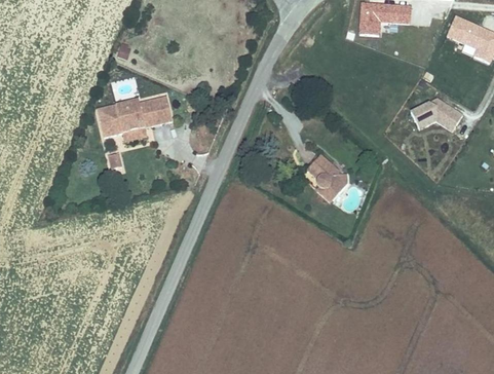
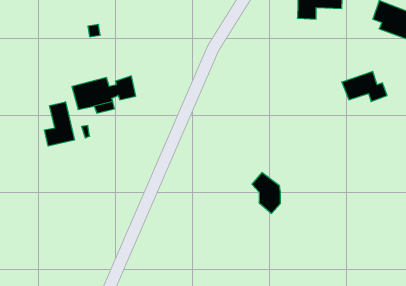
building: none -> [44,102,74,146]
building: [308,149,341,196] -> [252,173,280,213]

